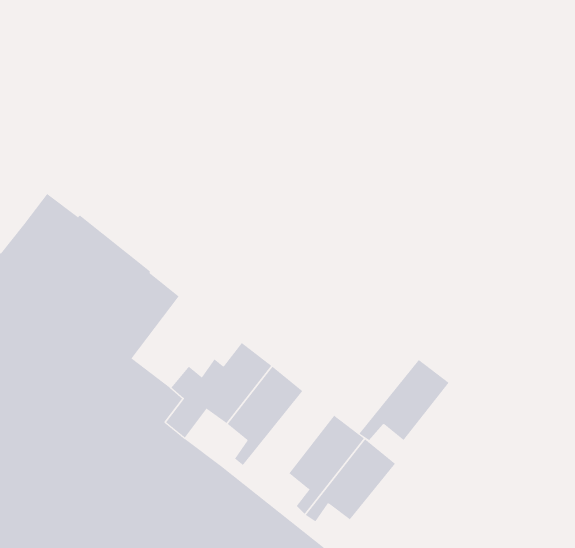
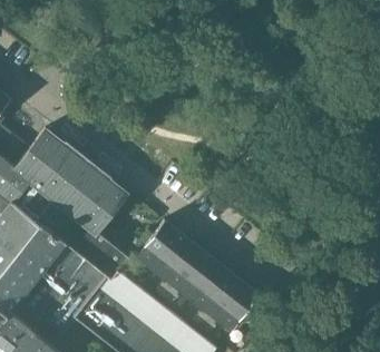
building: [359,359,449,441] -> [164,252,220,302]

